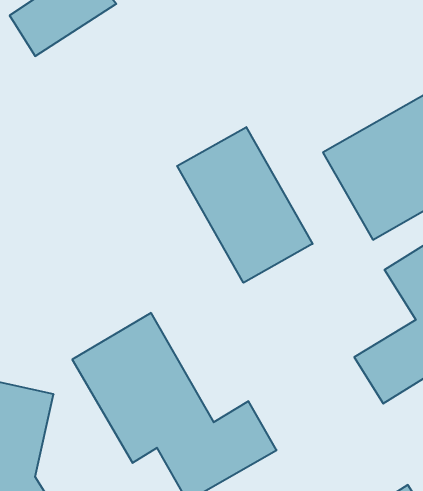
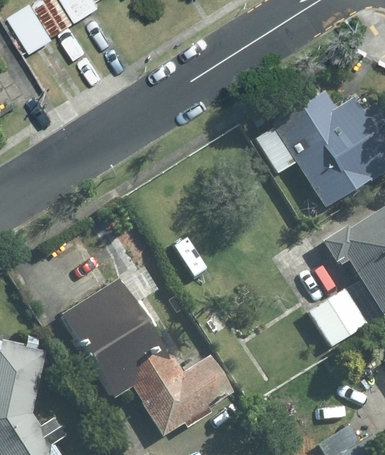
building: [177,127,313,283] -> none

